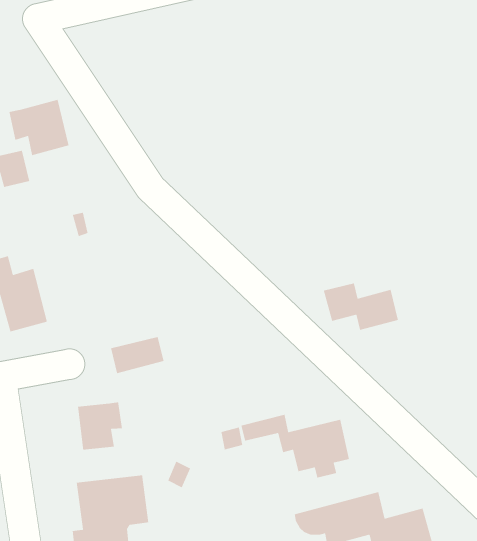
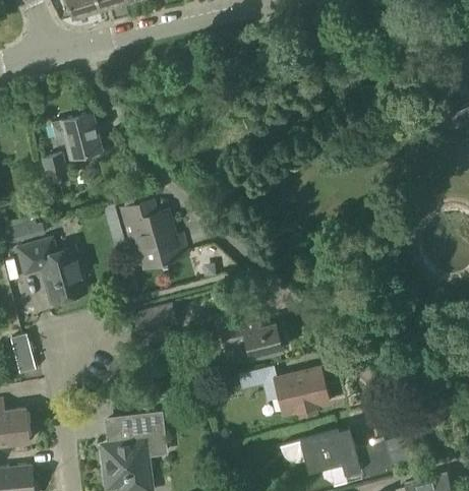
building: none -> [120,200,188,267]
building: [323,282,399,331] -> [221,318,282,357]
building: [77,401,123,451] -> none

